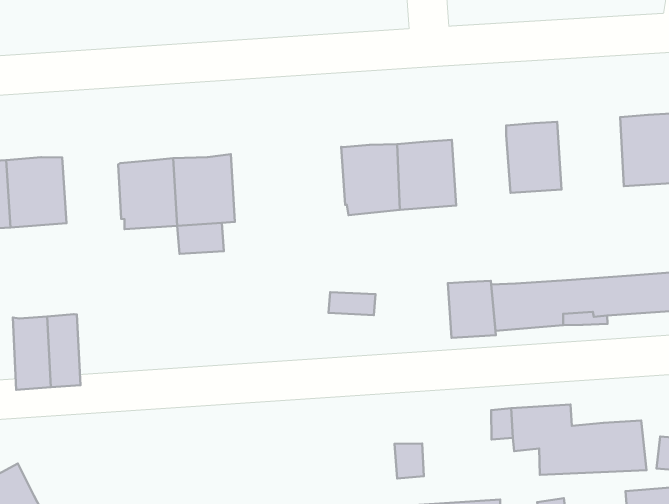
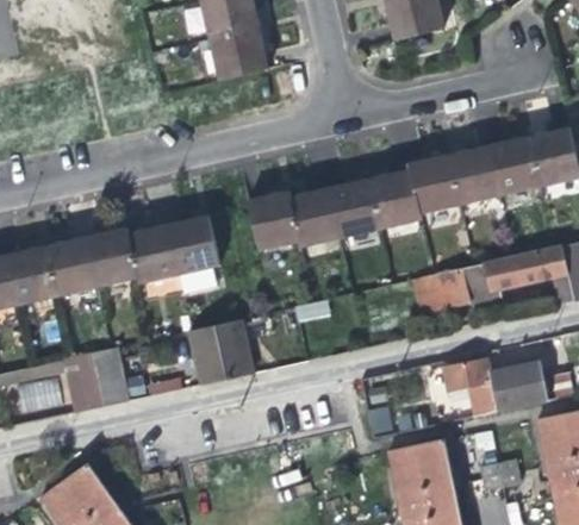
building: none -> [446,144,502,204]
building: none -> [371,170,421,227]
building: none -> [250,189,300,248]
building: none -> [88,227,138,285]
building: [448,281,496,338] -> none
building: none -> [194,320,256,383]

